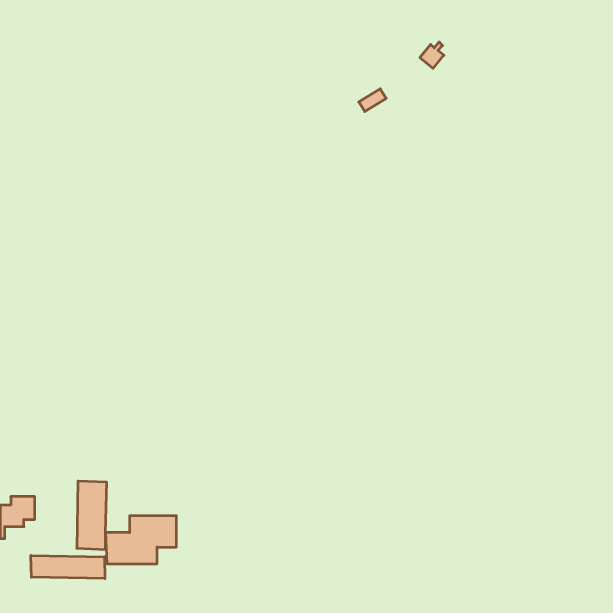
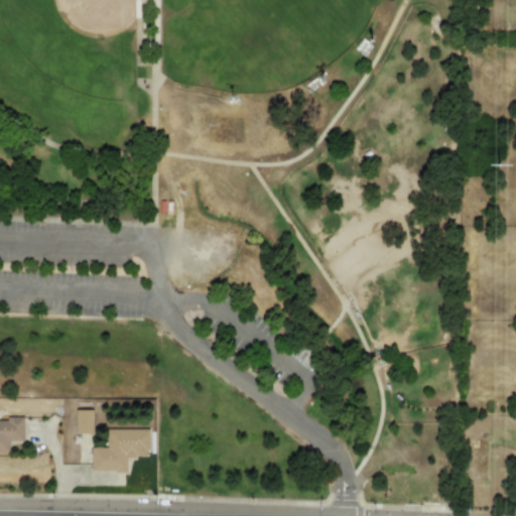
building: [31,555,105,579] -> none

